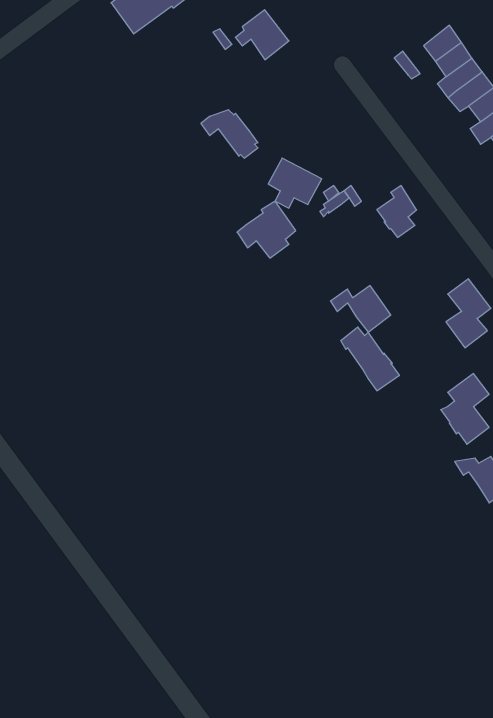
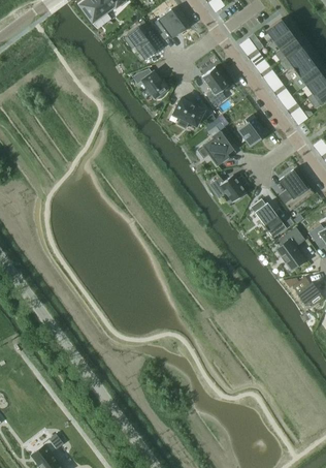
building: none -> [124,27,157,60]
building: none -> [202,67,229,106]
building: [237,201,296,258] -> [198,131,233,165]
building: [341,327,399,391] -> [252,199,287,238]

